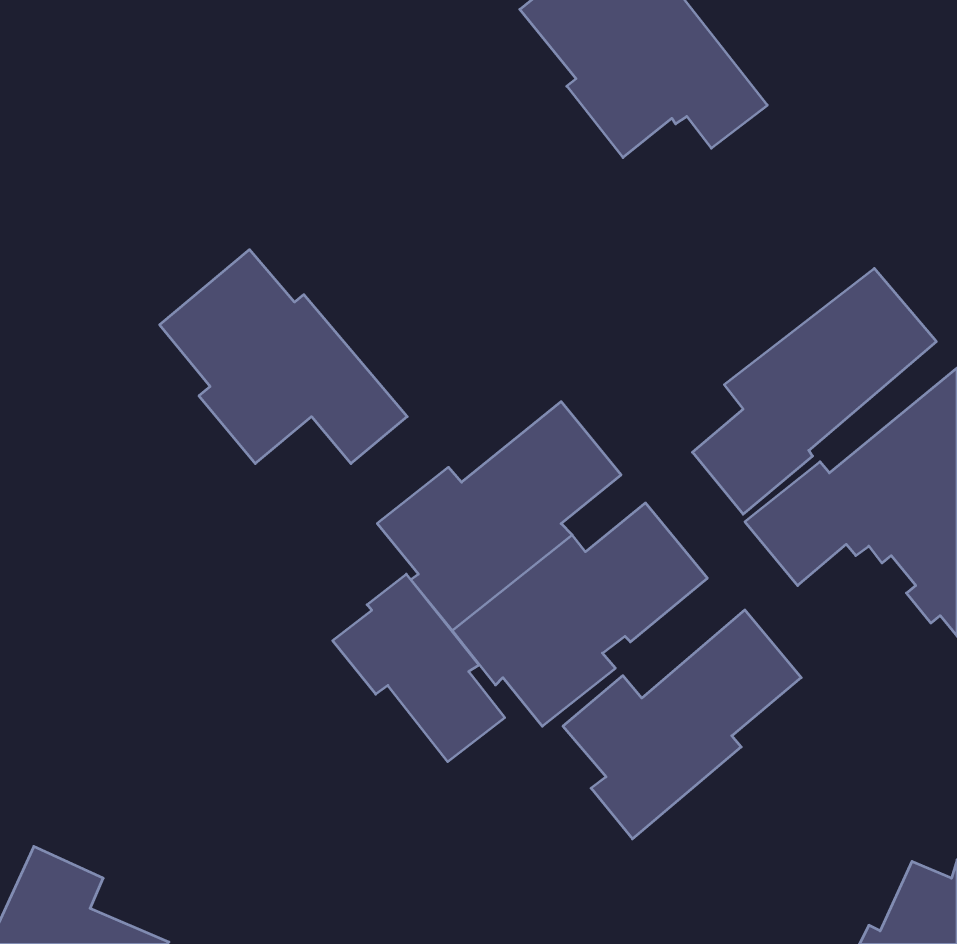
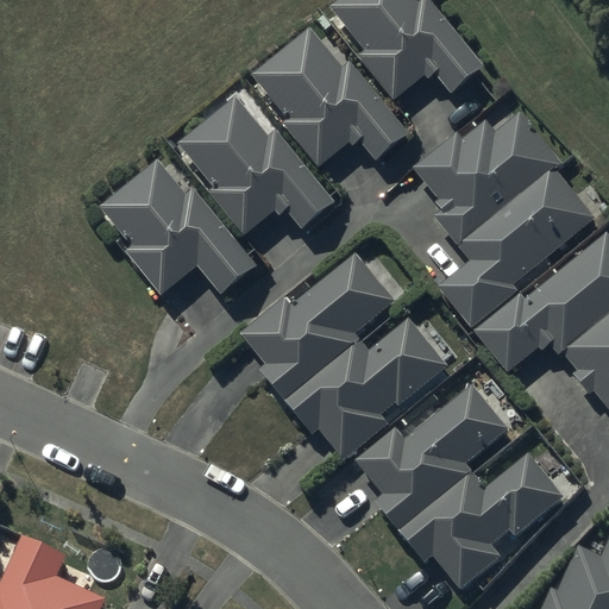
building: none -> [252,29,410,165]
building: none -> [178,96,333,234]
building: none -> [414,113,563,244]
building: [333,574,505,762] -> none
building: none -> [401,454,563,590]

